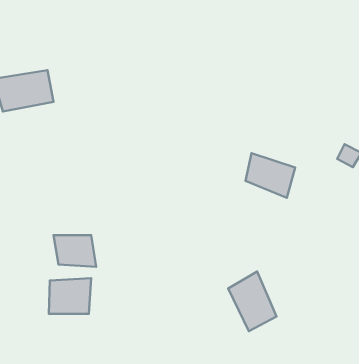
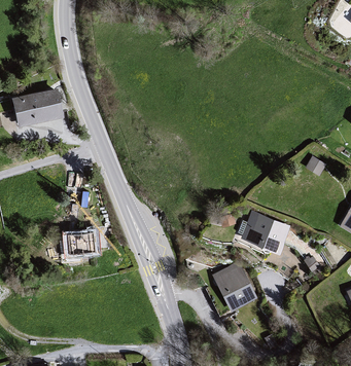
building: [246,153,295,198] -> [245,213,287,251]
building: [49,278,91,314] -> none

